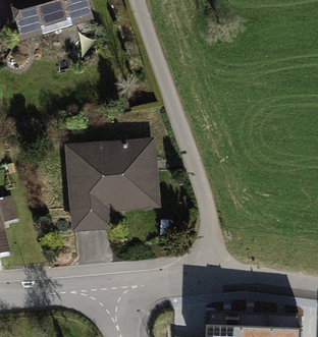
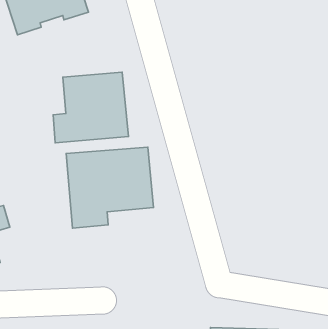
building: none -> [53,72,129,143]

